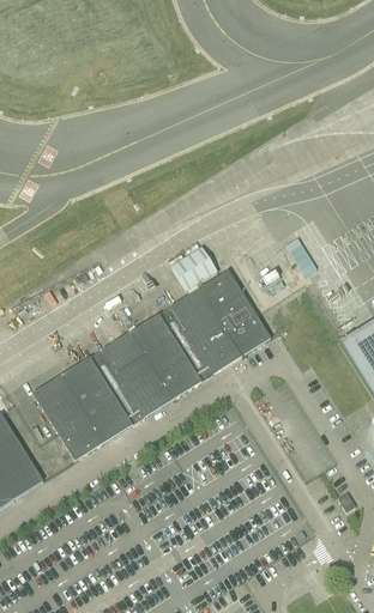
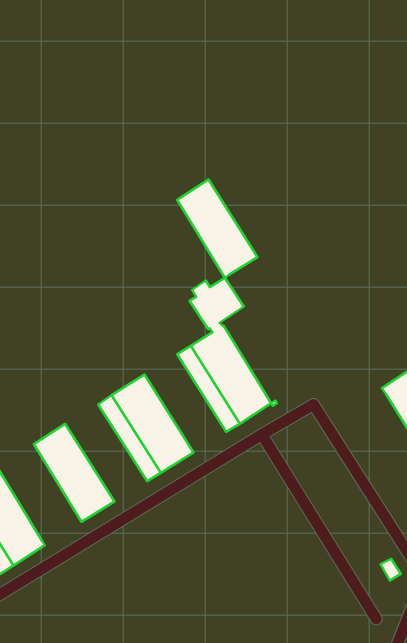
building: [201,268,272,354] -> [177,179,258,278]
building: [132,311,204,397] -> none
building: [62,356,134,441] -> none

